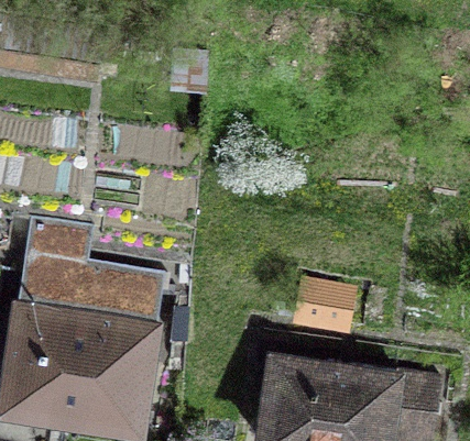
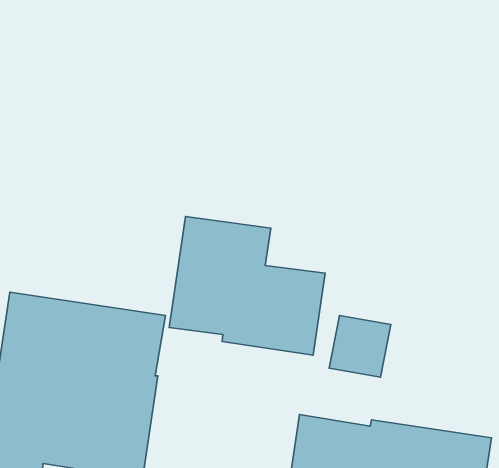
building: none -> [169,217,325,355]

